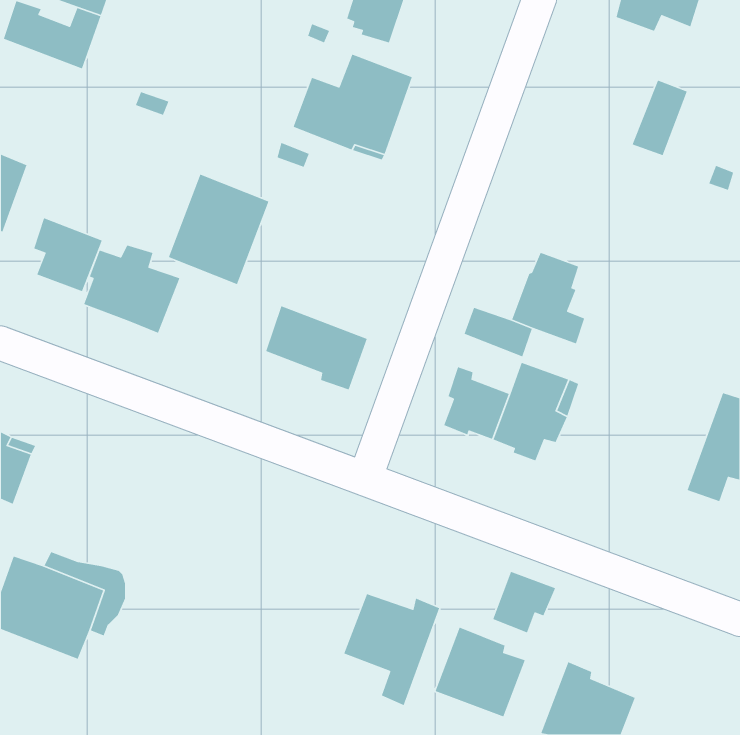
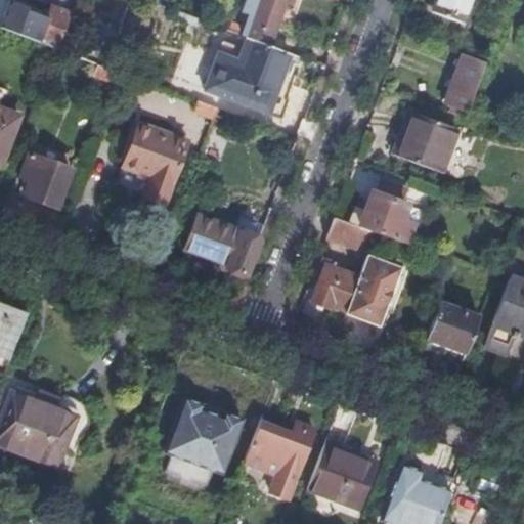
building: none -> [394,113,458,171]
building: [83,244,181,334] -> none
building: none -> [427,302,480,353]
building: none -> [161,398,239,488]
building: [492,571,556,633] -> none

